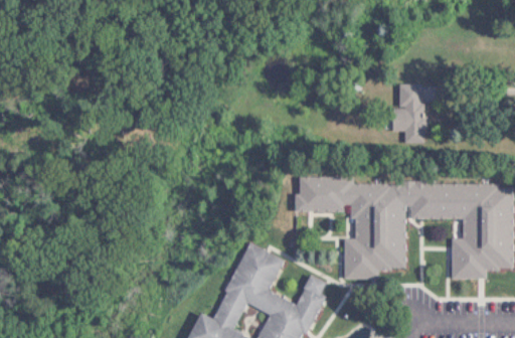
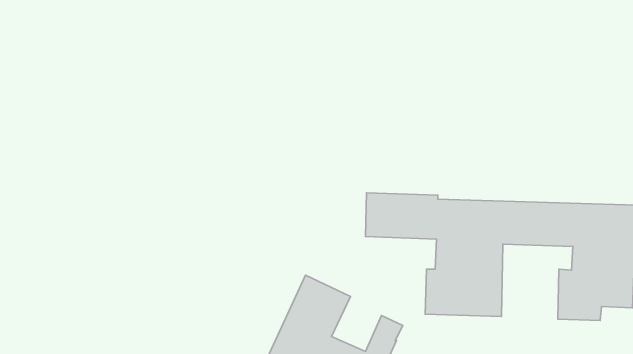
building: [393,83,425,143] -> none

